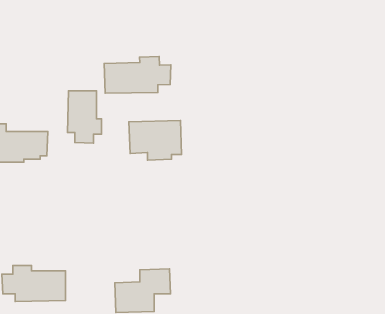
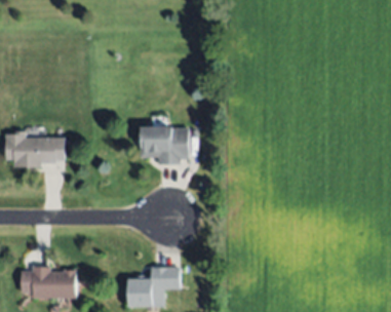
building: [104,56,171,93] -> none
building: [68,91,102,143] -> none

